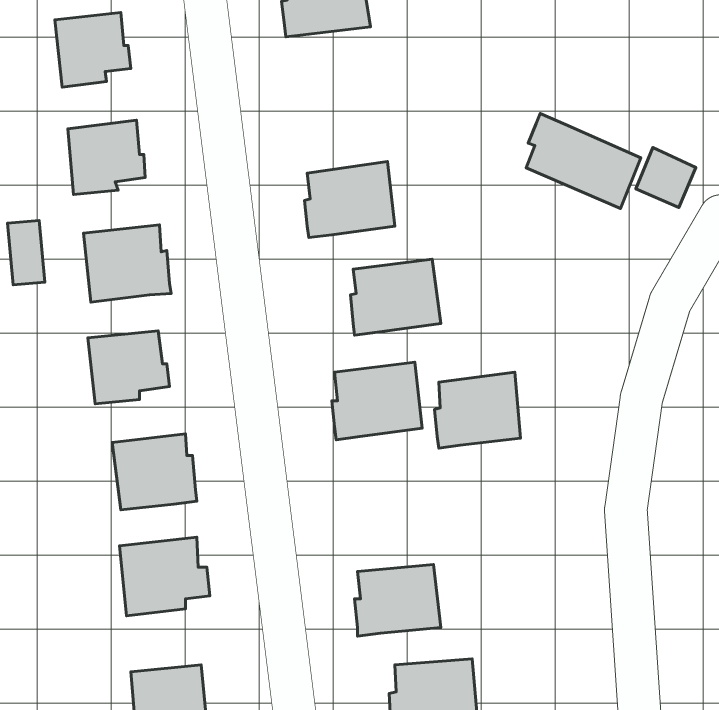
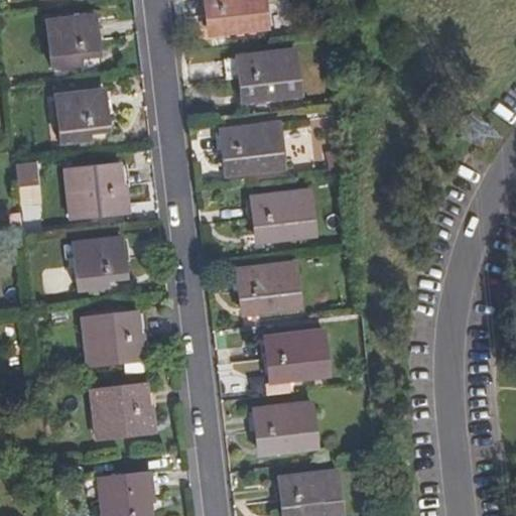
building: none -> [239,47,303,100]
building: [526,113,641,209] -> none
building: [434,372,520,448] -> [266,329,327,382]

